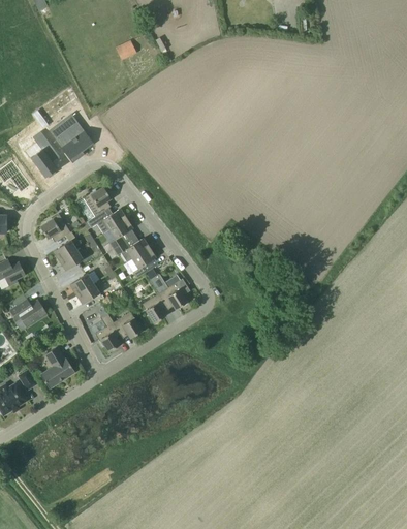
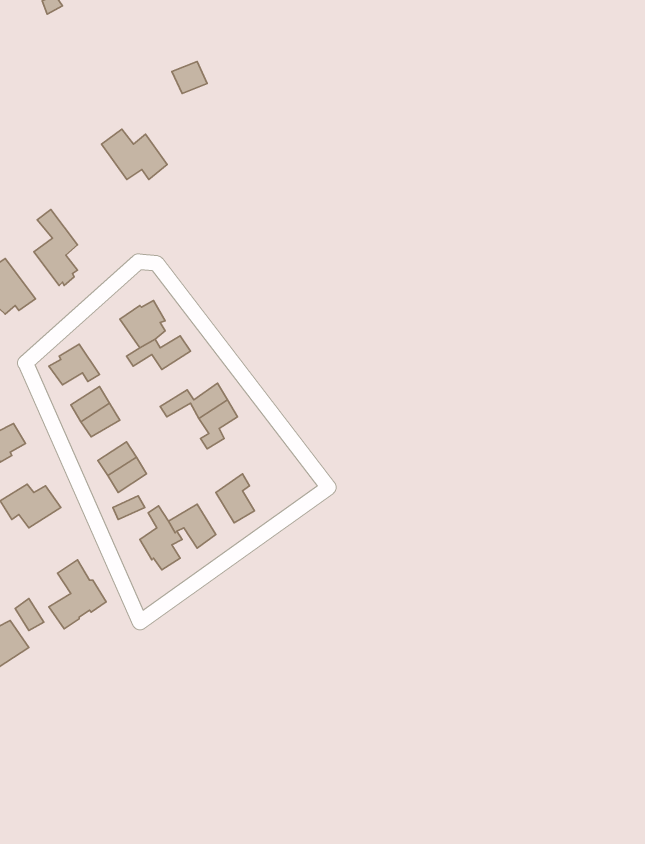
building: [51,122,91,153] -> [102,129,167,180]
building: [103,218,132,252] -> none
building: [158,280,189,310] -> none

